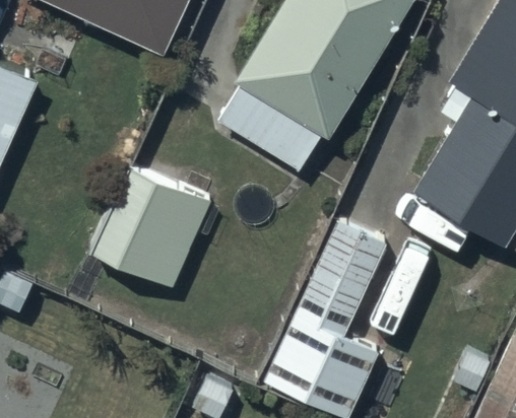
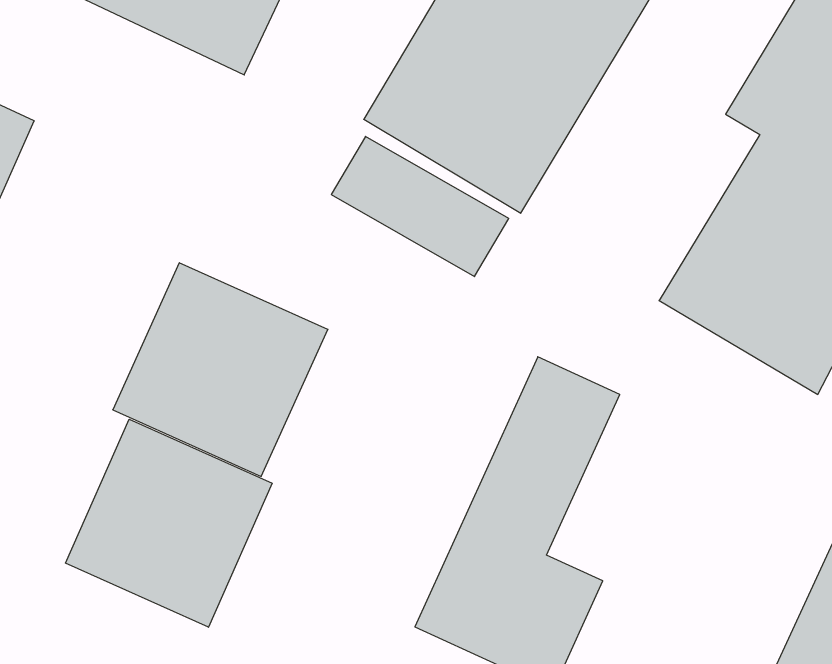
building: none -> [66,419,272,627]

